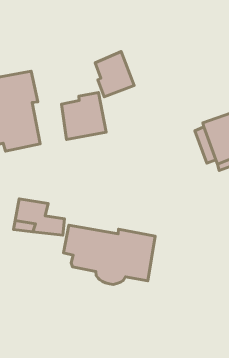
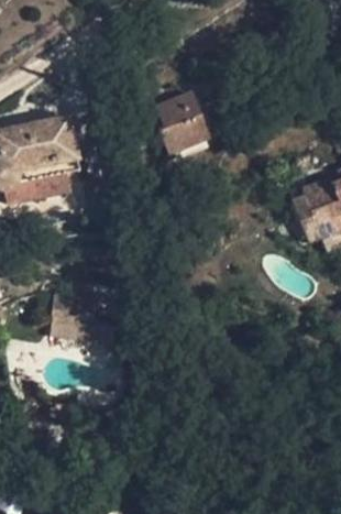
building: [61,92,106,139] -> none
building: [63,225,155,285] -> none

